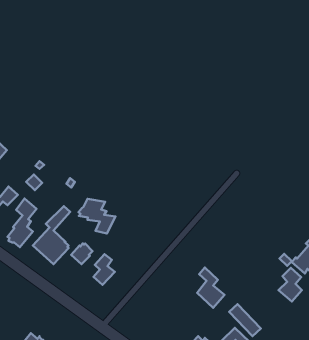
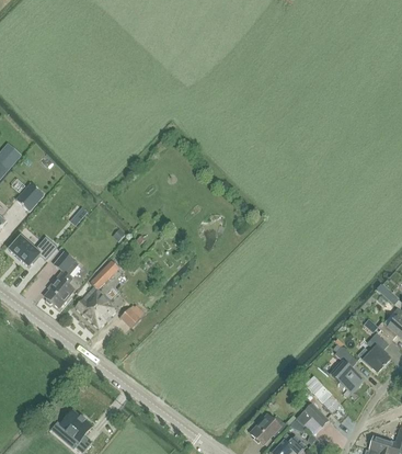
building: [79,199,116,233] -> none
building: [94,254,115,285] -> none
building: [197,268,224,308] -> [333,348,365,395]

